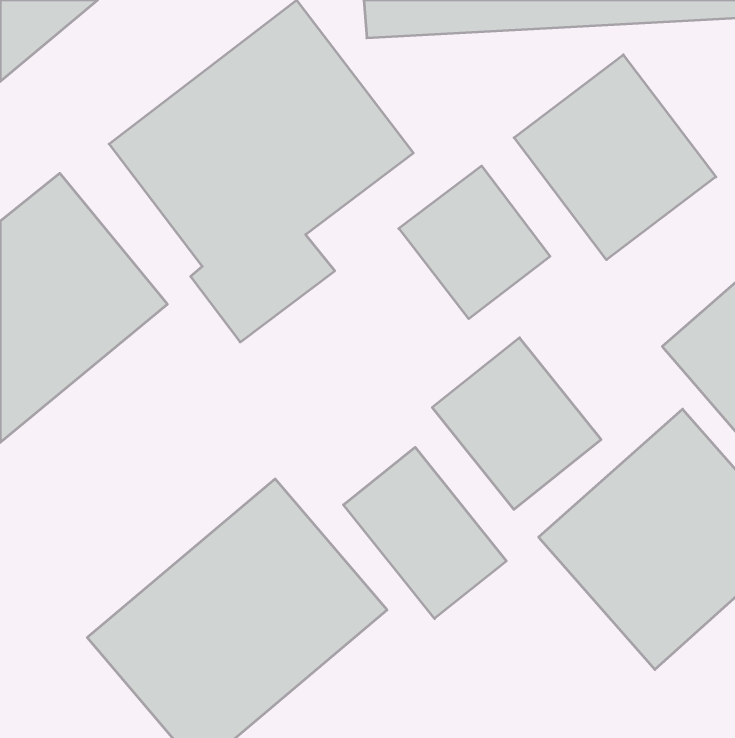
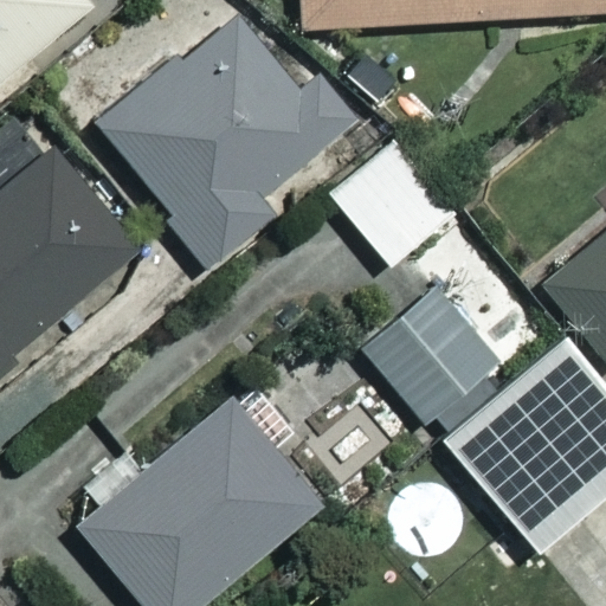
building: [514,55,716,260] -> none
building: [343,447,506,619] -> none

